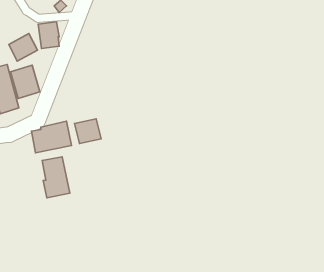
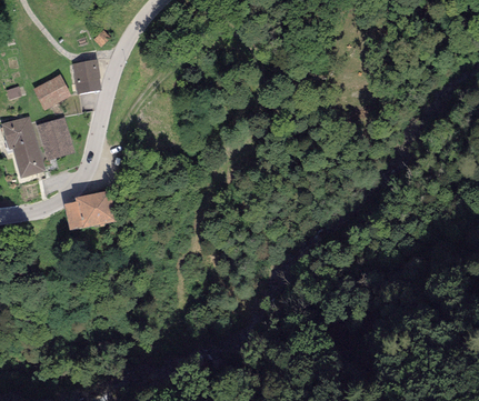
building: [75,119,101,143] -> none
building: [42,157,70,198] -> none

